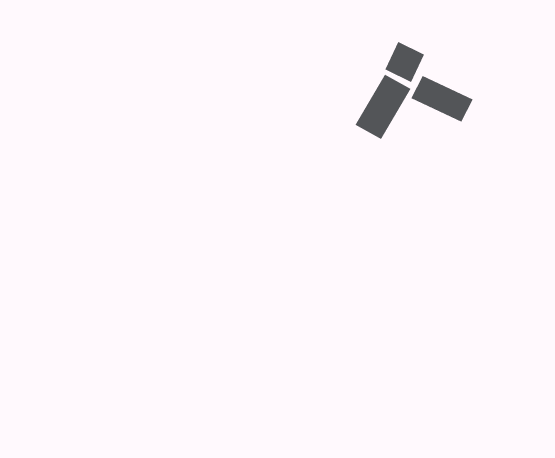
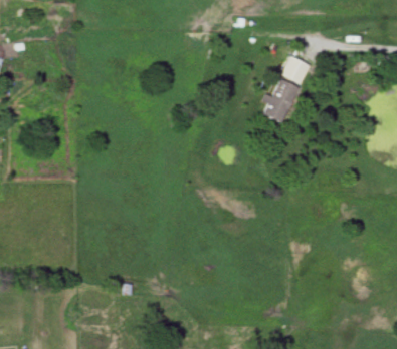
building: [411,75,473,123] -> none

